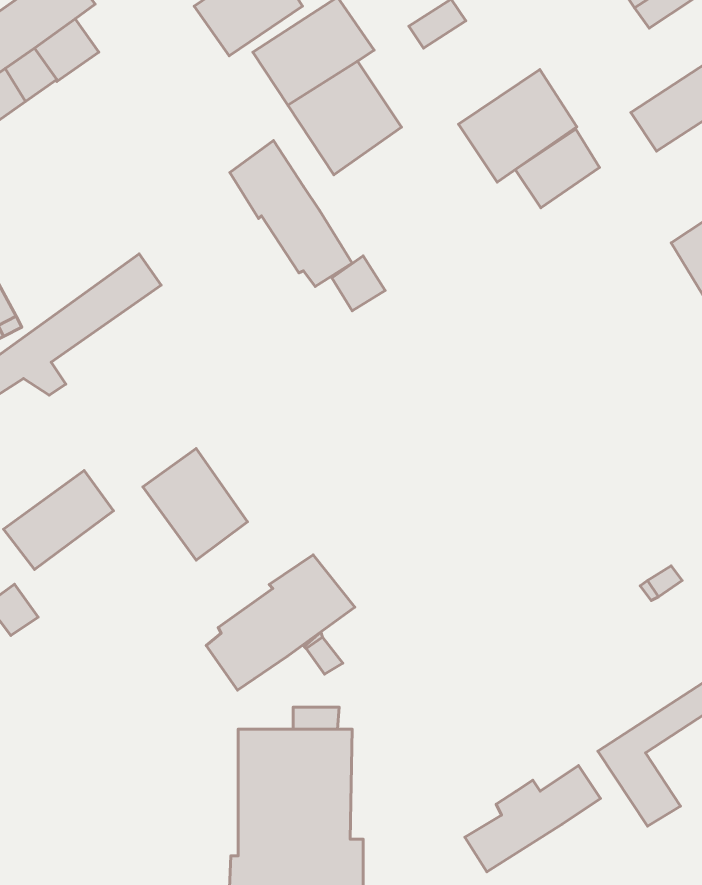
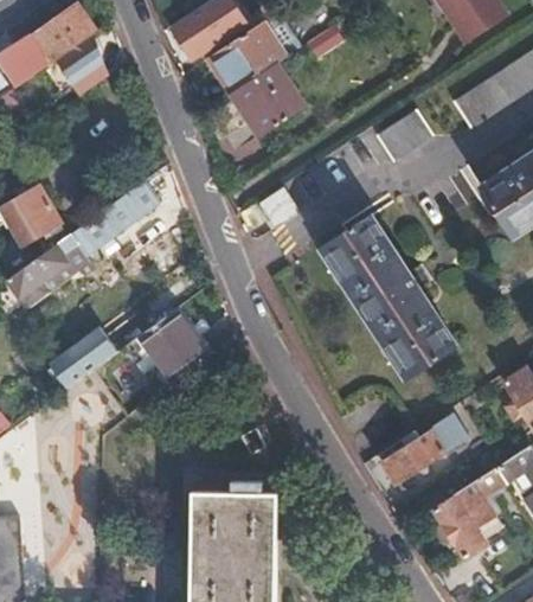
building: [458,70,577,182] -> none
building: [230,140,352,287] -> none
building: none -> [326,216,455,374]
building: [206,555,355,690] -> none
building: [465,765,601,872] -> [383,415,470,483]

